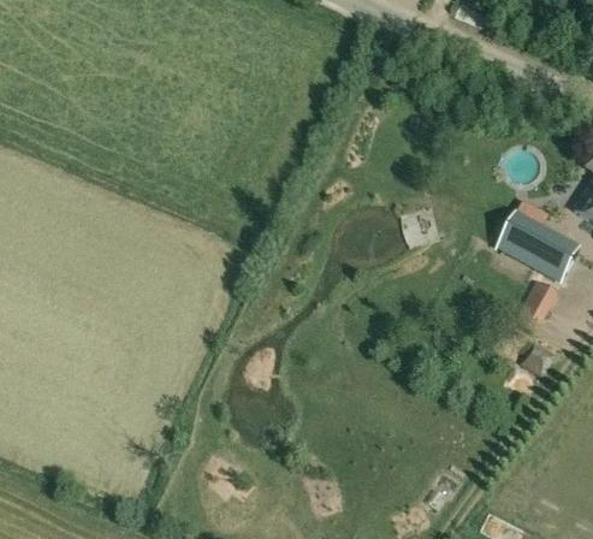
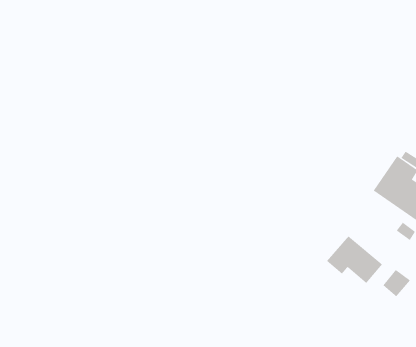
building: none -> [326,235,383,284]

